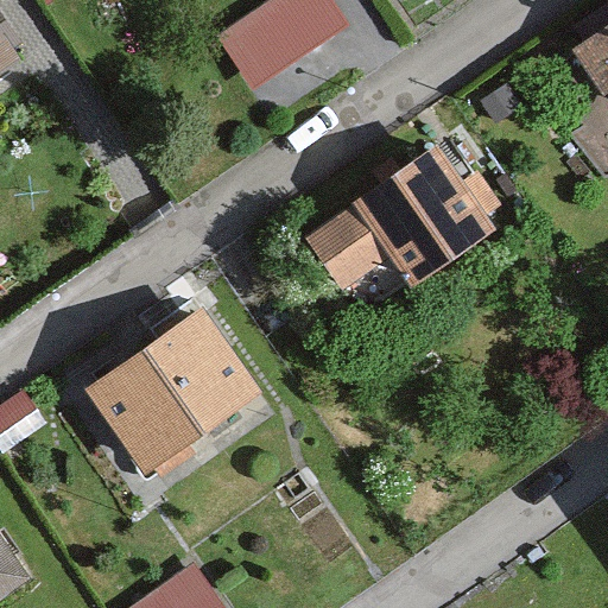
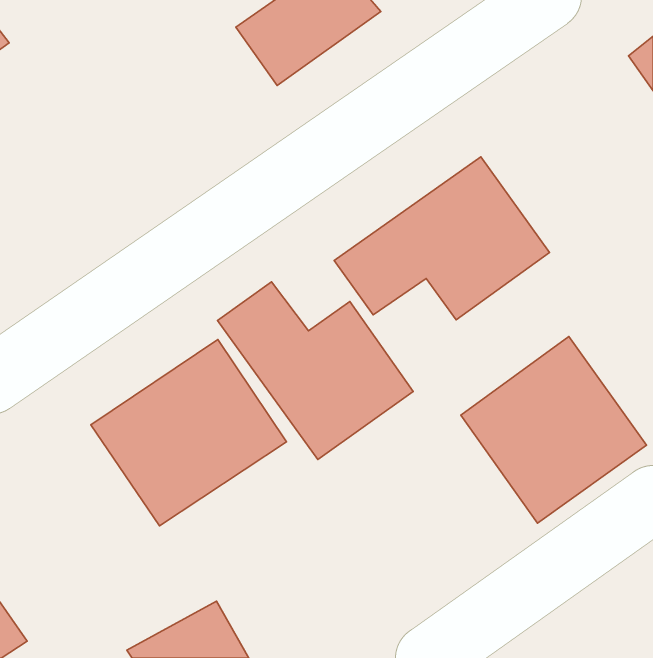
building: none -> [217,282,413,460]
building: none -> [461,337,647,523]

